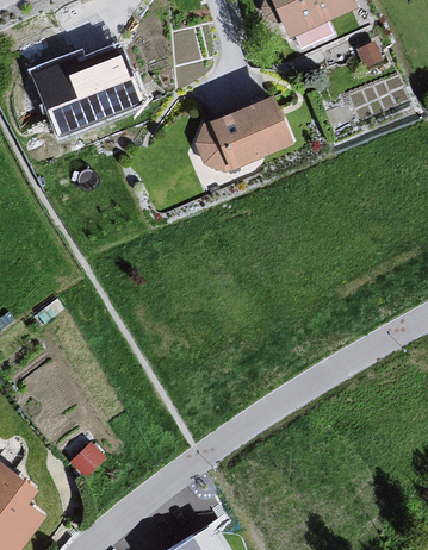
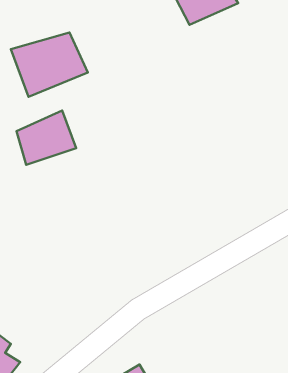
building: [201,96,294,169] -> none
building: none -> [17,110,76,165]

